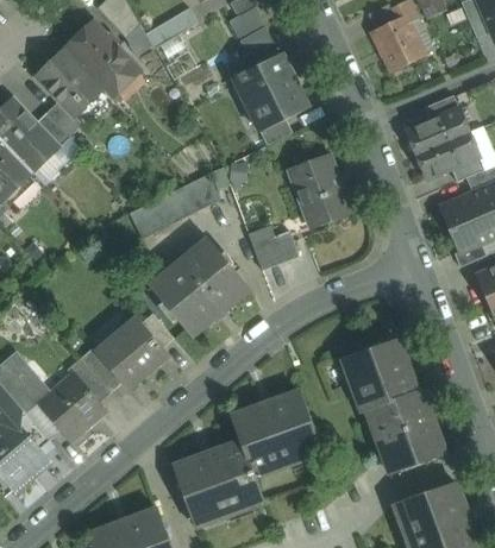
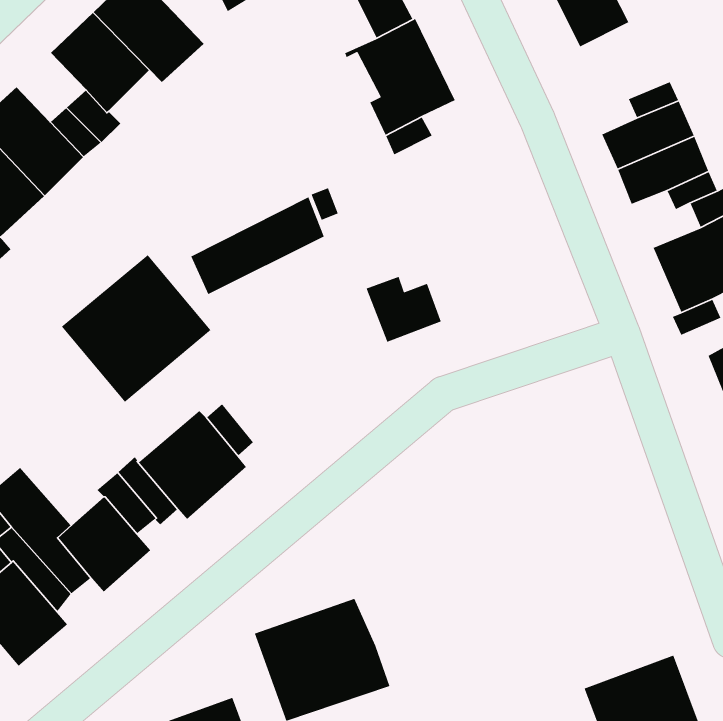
building: [287,153,350,228] -> none
building: [148,237,249,336] -> [61,254,212,403]
building: [342,339,444,475] -> none
building: [230,391,320,474] -> none

